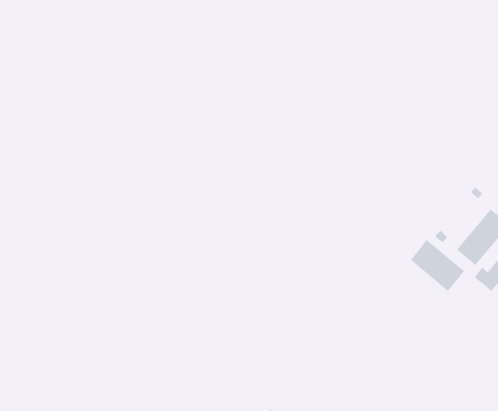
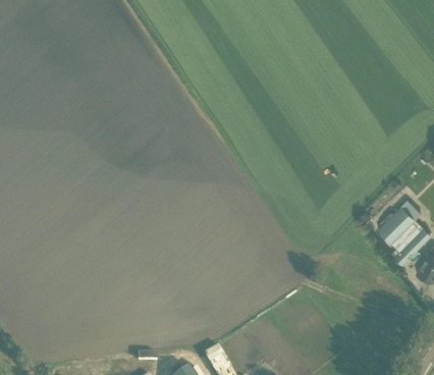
building: [410,239,465,292] -> none

